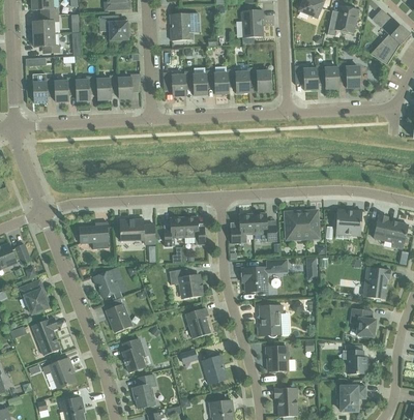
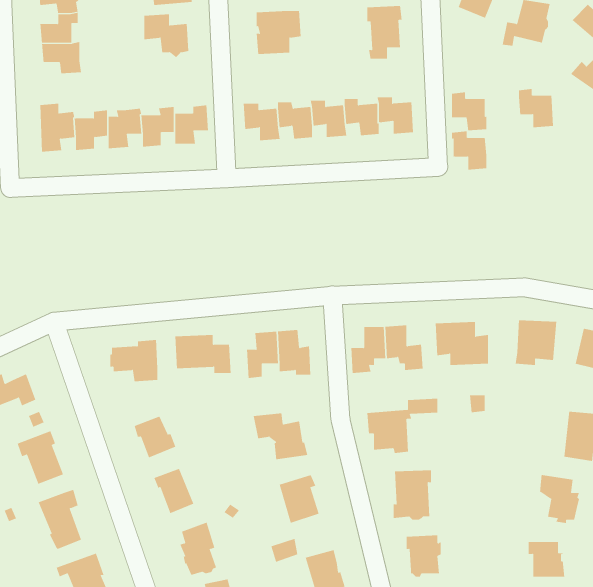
building: [315,63,337,88] -> [451,131,487,170]

